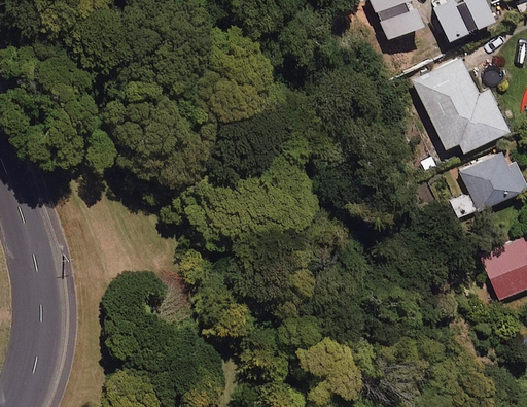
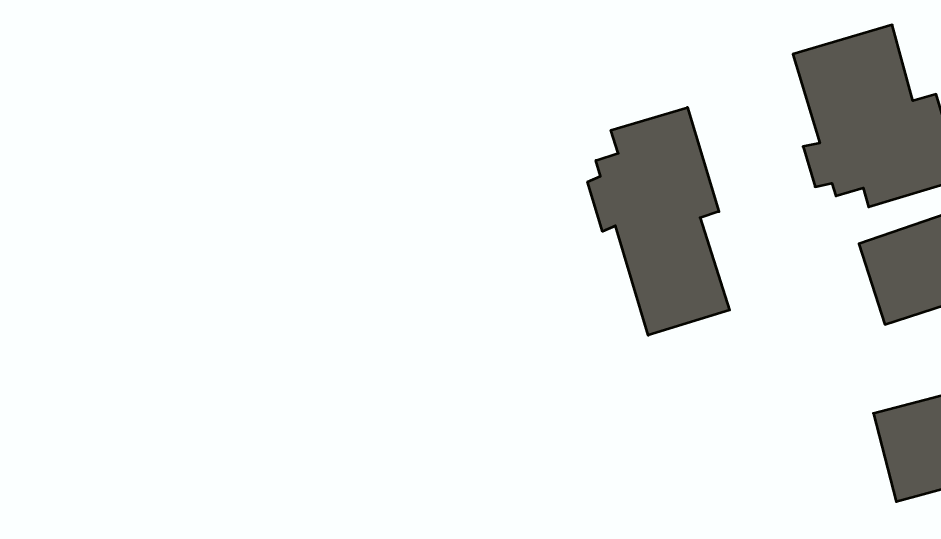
building: none -> [588,107,730,335]

